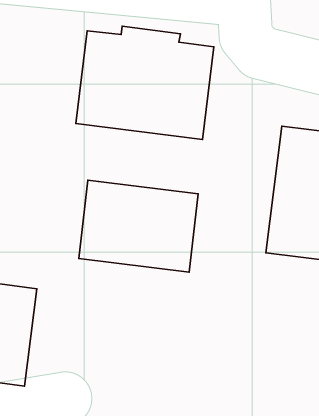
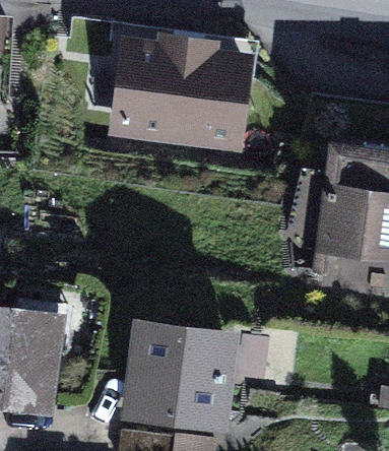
building: [79,180,198,272] -> none
building: none -> [122,318,240,432]

